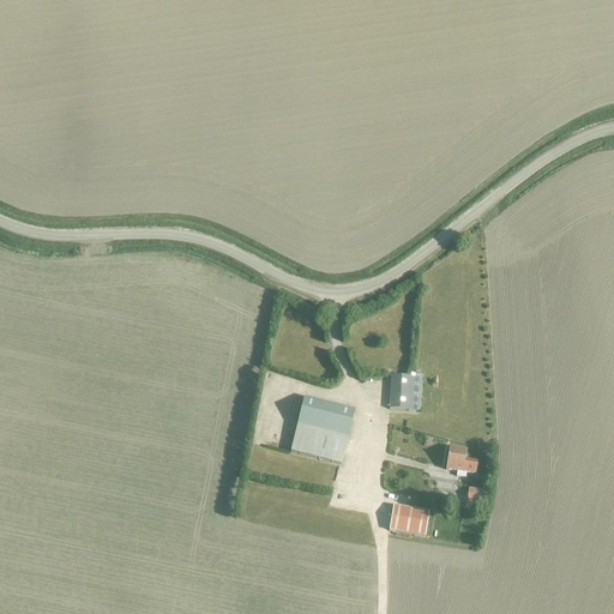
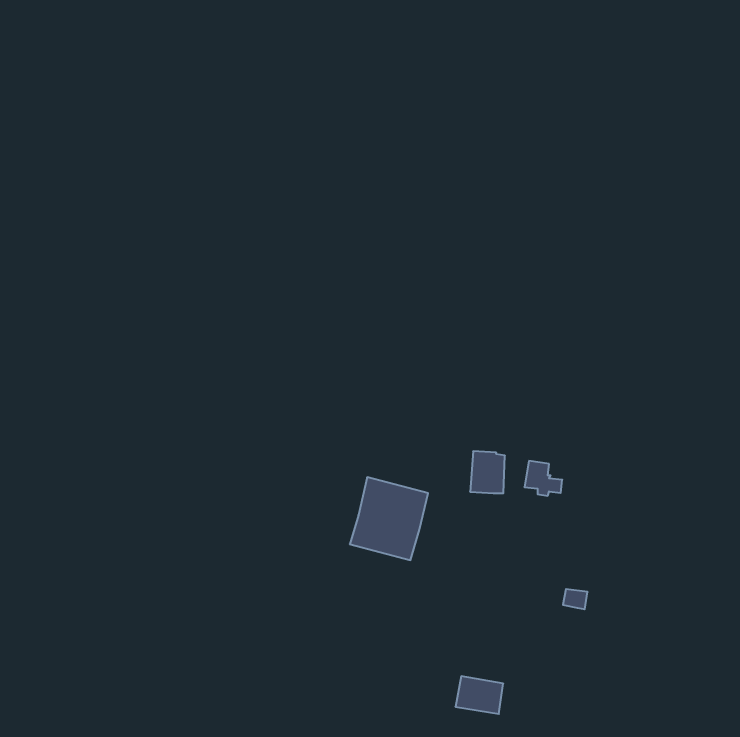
building: [446,446,477,475] -> [524,461,562,496]
building: [390,504,429,535] -> [455,676,503,714]

